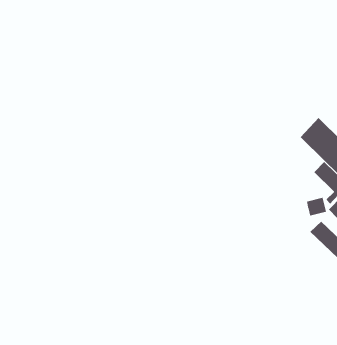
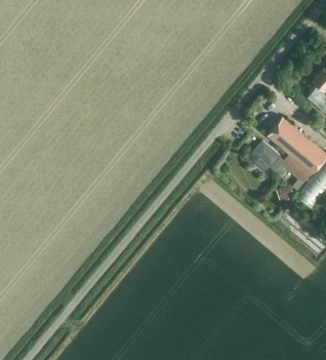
building: none -> [253,142,283,172]

